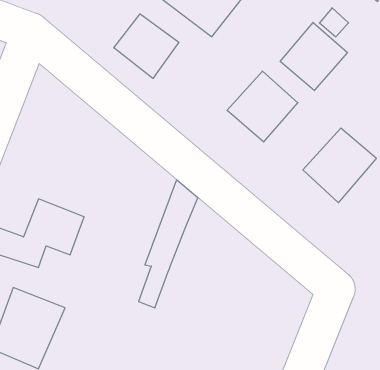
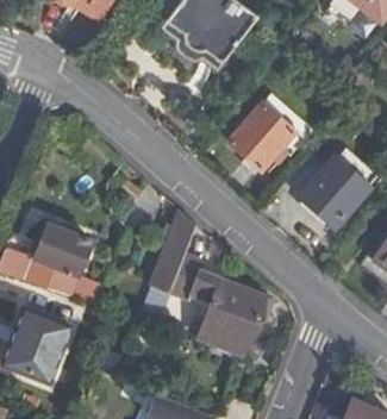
building: [114,14,179,78] -> none
building: [280,22,347,91] -> none
building: none -> [171,251,267,354]

